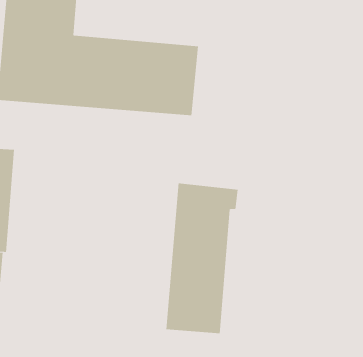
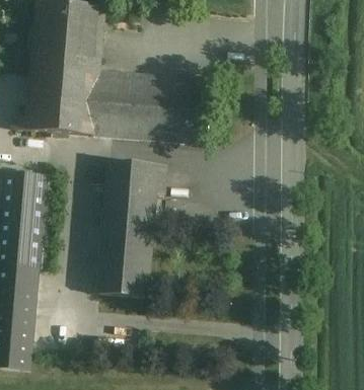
building: [165,183,238,334] -> [97,159,163,296]

